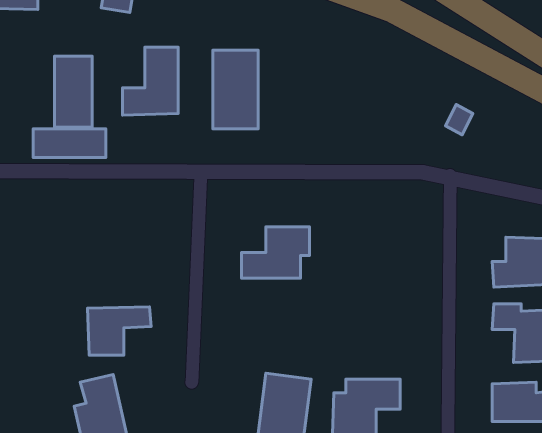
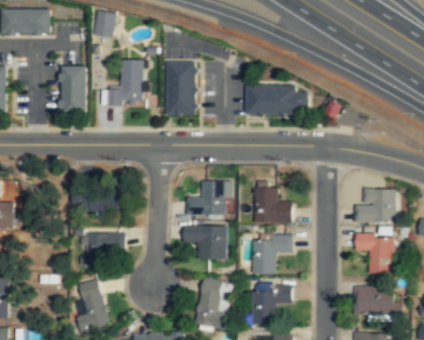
building: none -> [246,86,309,114]
building: [33,129,106,158] -> [73,192,121,211]
building: none -> [253,187,291,224]
building: none -> [184,226,226,261]
building: none -> [237,235,292,274]

